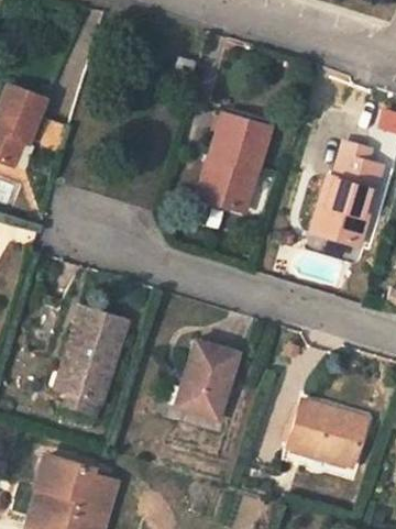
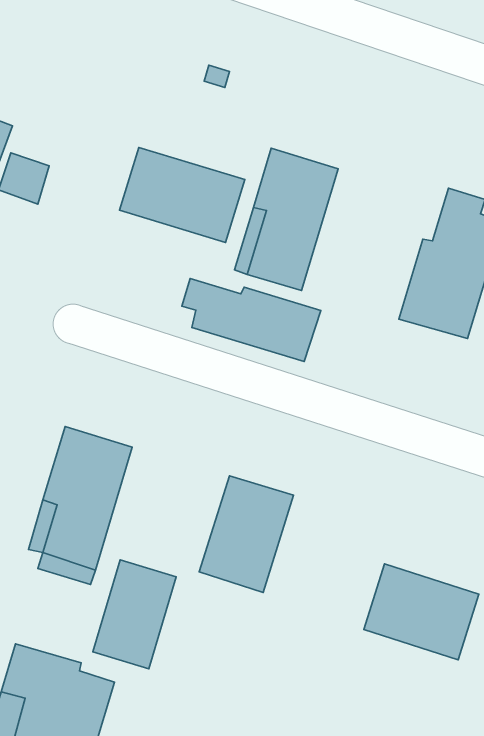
building: none -> [120,148,245,242]
building: none -> [182,278,321,361]
building: none -> [93,560,176,669]

